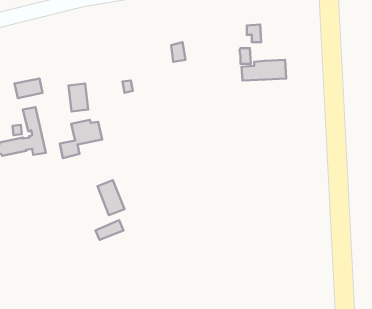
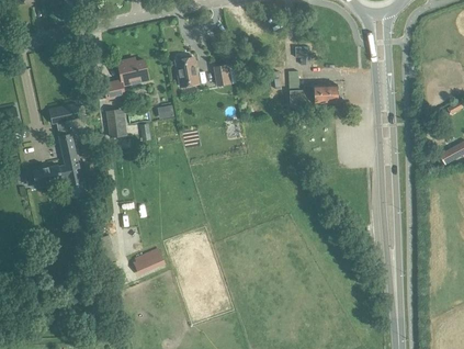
building: none -> [174,57,197,86]
building: [60,120,102,158] -> [102,58,147,99]
building: [97,180,125,215] -> none

